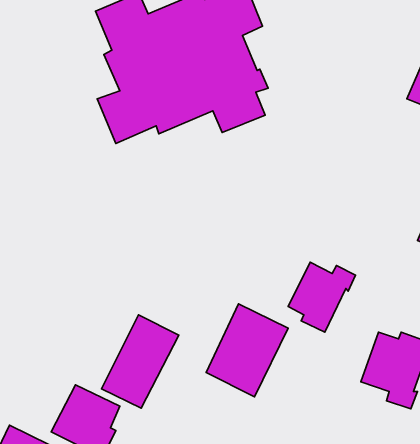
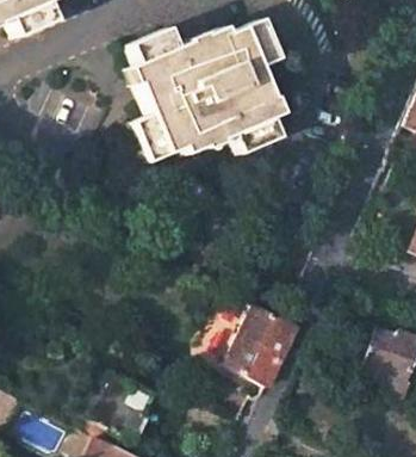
building: [288,262,355,332] -> none
building: [102,315,179,408] -> none

